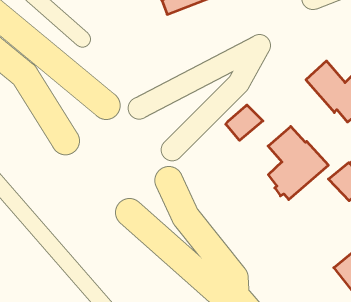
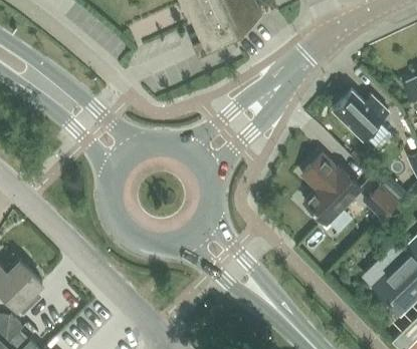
building: [226,105,263,140] -> none

